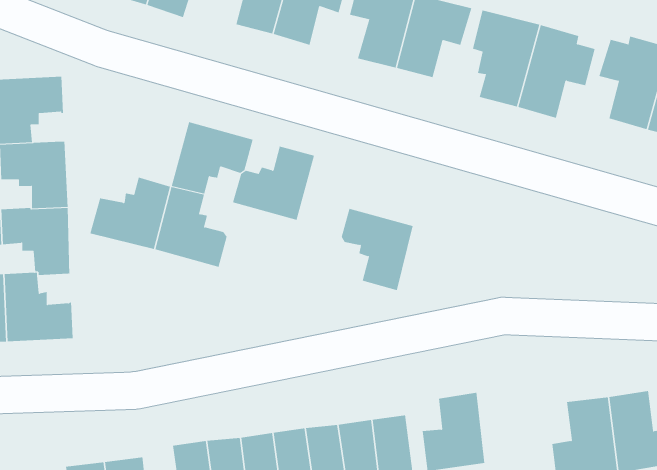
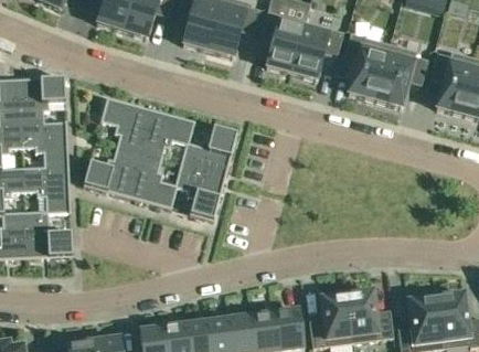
building: none -> [100,96,151,152]
building: [341,208,414,291] -> [175,163,225,220]
building: none -> [348,289,394,341]

